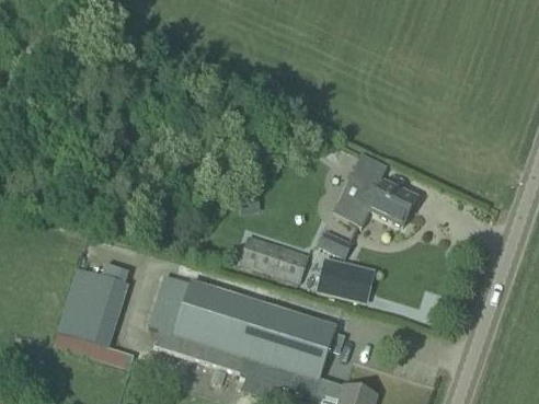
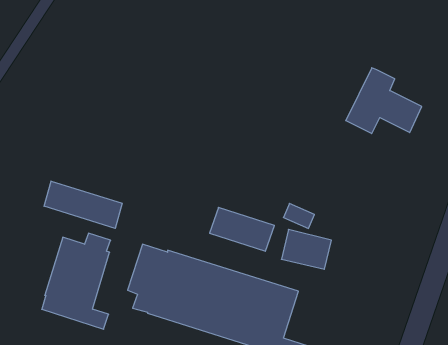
building: [333,153,416,226] -> [346,68,422,134]
building: none -> [44,181,122,228]

